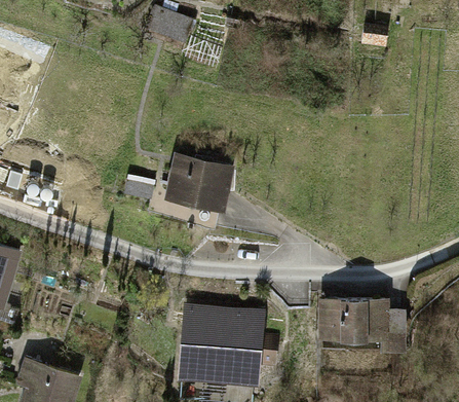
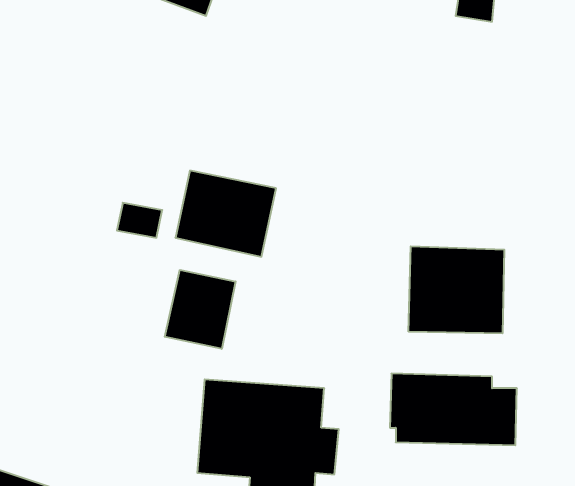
building: none -> [409,246,504,333]
building: none -> [165,270,236,349]

